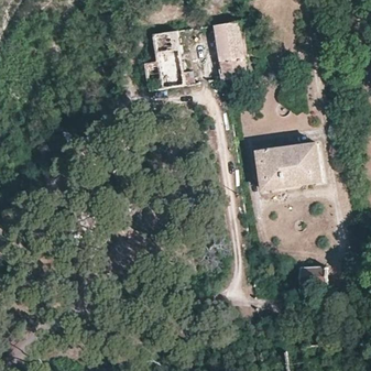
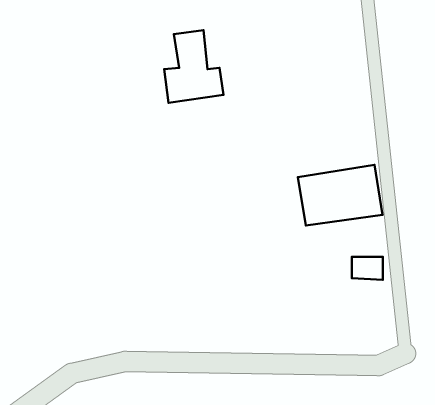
building: [212,21,245,78] -> none
building: [299,266,325,285] -> [352,257,383,280]

